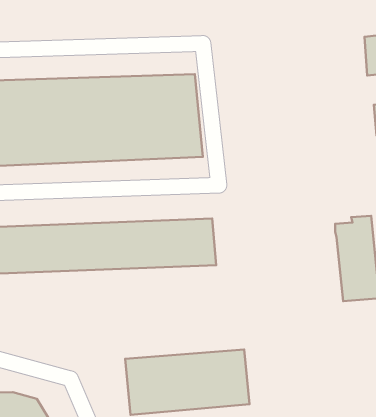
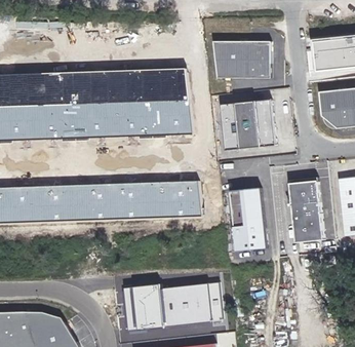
building: none -> [212,42,271,79]
building: none -> [220,100,275,151]
building: none -> [230,188,266,253]

